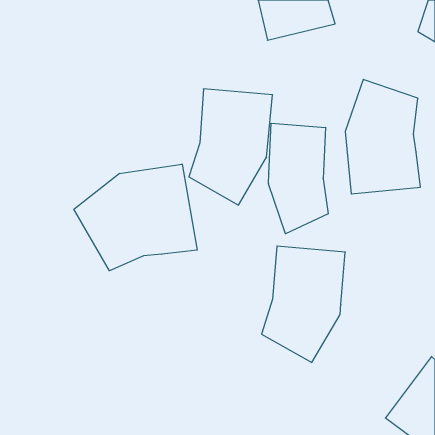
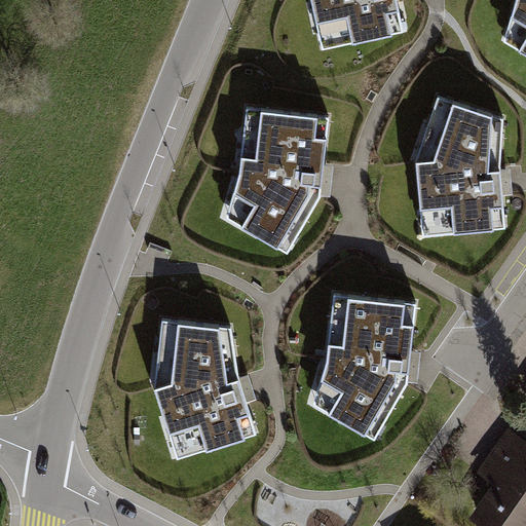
building: [269,123,328,234] -> none
building: [74,164,197,271] -> none
building: none -> [153,320,256,457]

